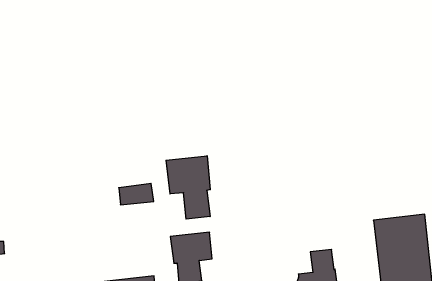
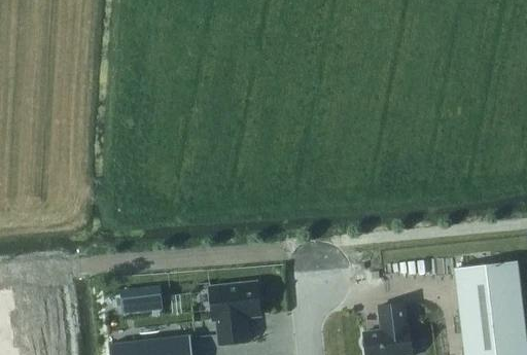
building: [166,156,210,219] -> none
building: [119,183,154,205] -> [120,288,163,314]

